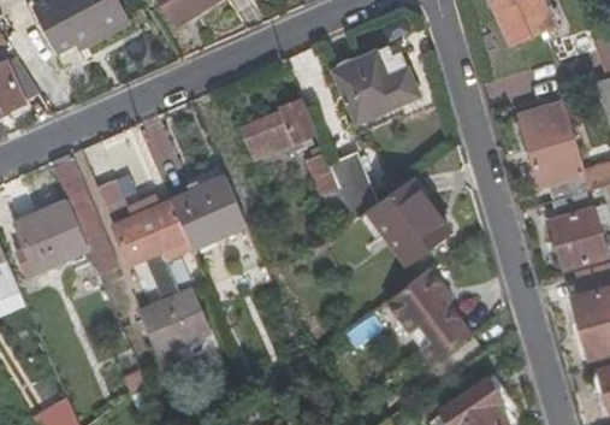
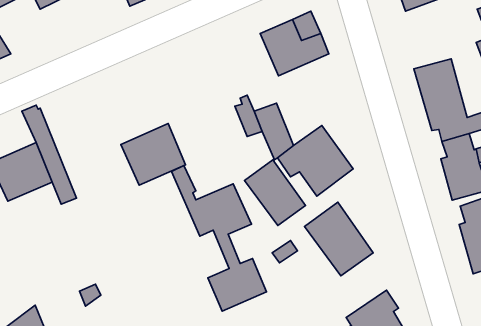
building: [241,100,315,159] -> none
building: [96,182,209,355] -> [172,166,267,311]
building: none -> [244,160,305,225]

